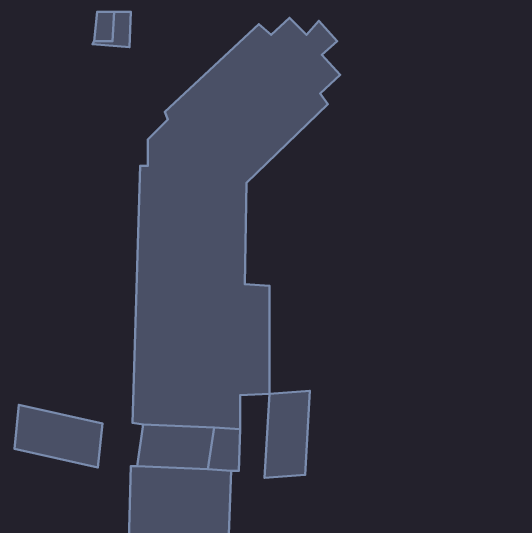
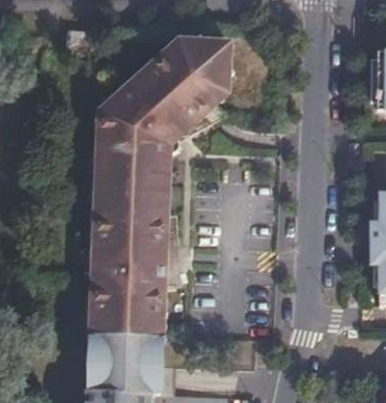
building: [265,391,310,478] -> none
building: [15,405,102,467] -> none

